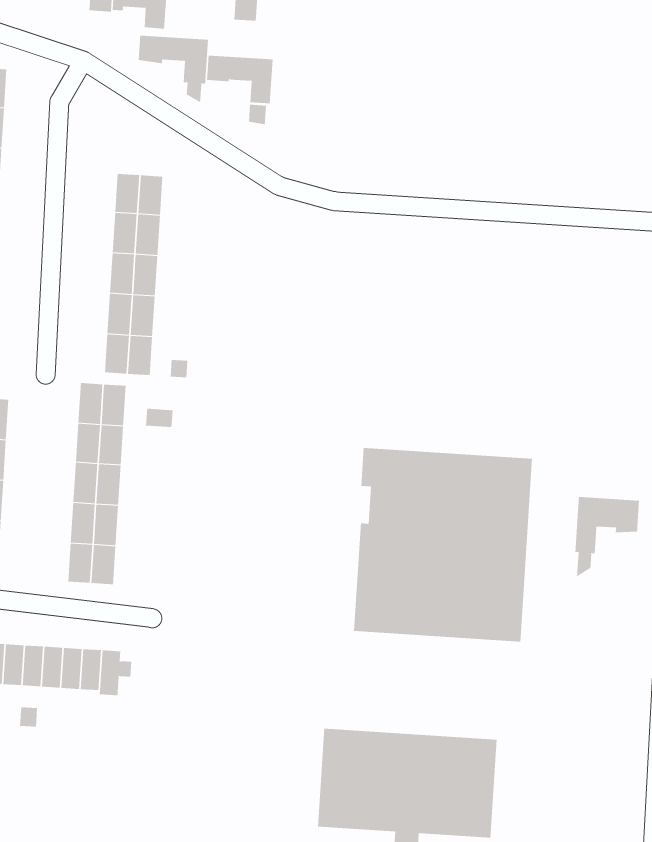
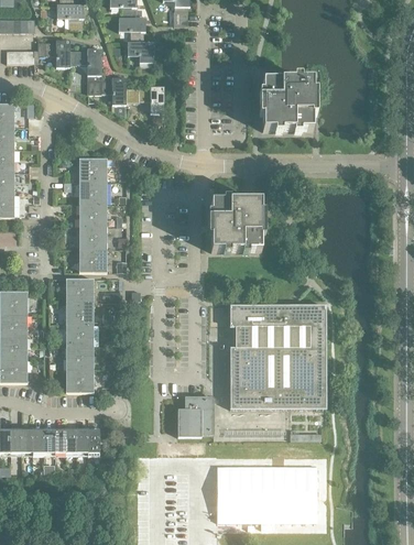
building: none -> [259,74,313,130]
building: none -> [211,195,265,250]
building: [575,496,639,577] -> none
building: none -> [177,395,214,436]

